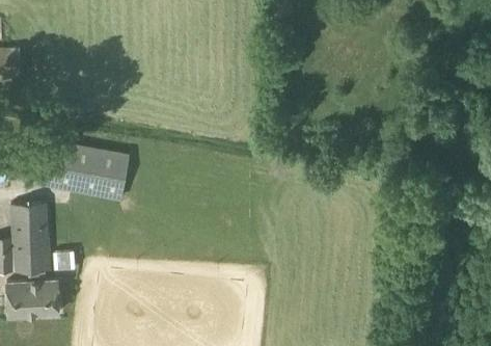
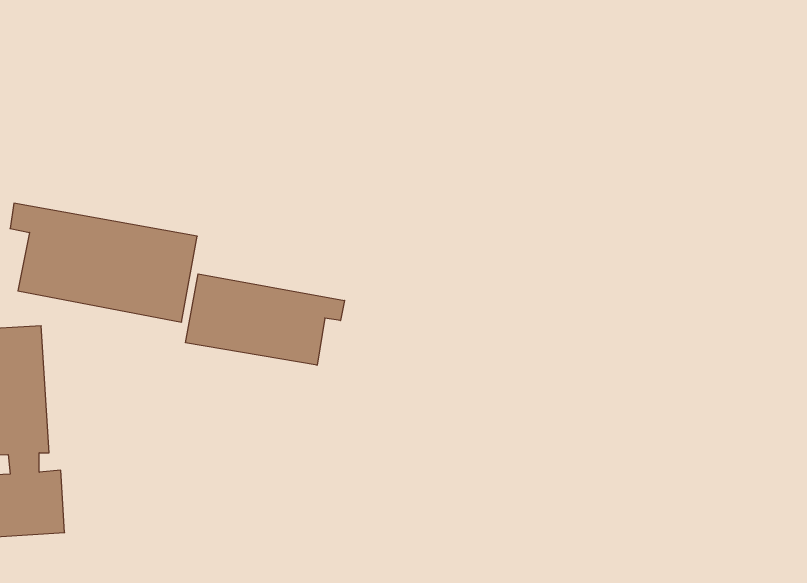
building: none -> [186,274,345,365]

